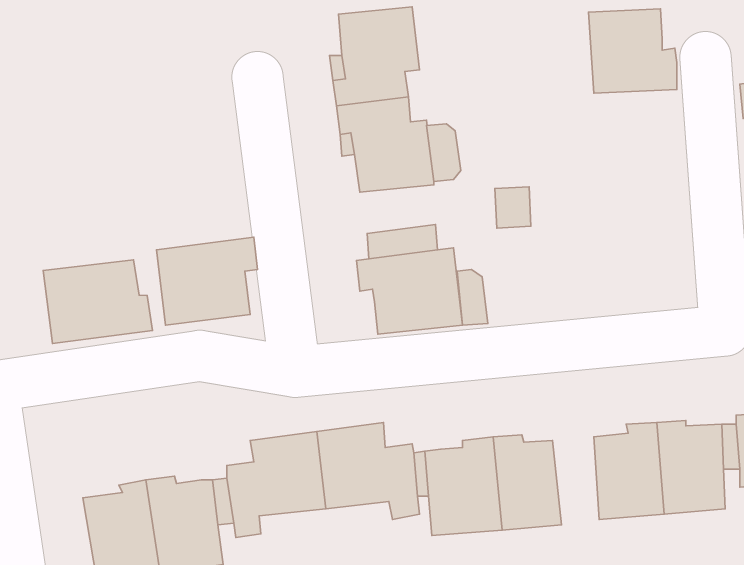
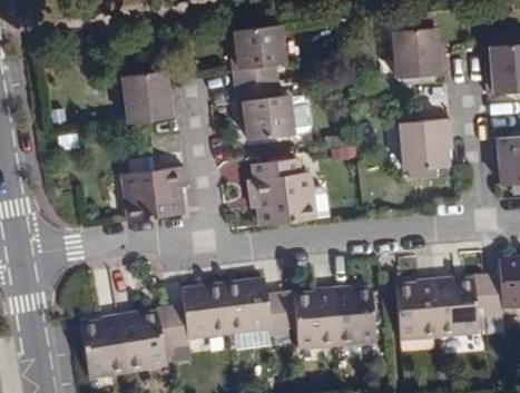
building: none -> [121,68,178,122]
building: none -> [399,116,452,174]
building: [43,260,153,343] -> none

